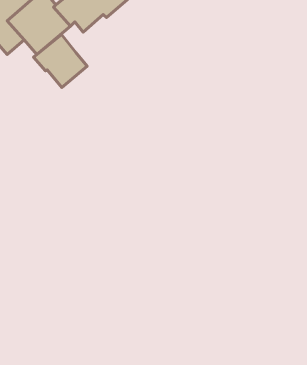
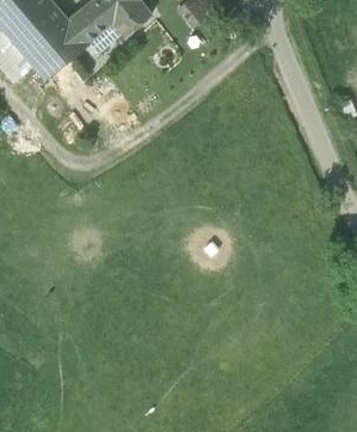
building: [33,35,87,88] -> none

